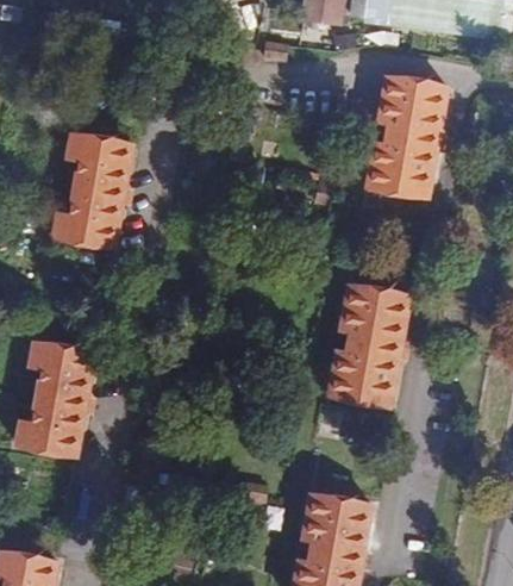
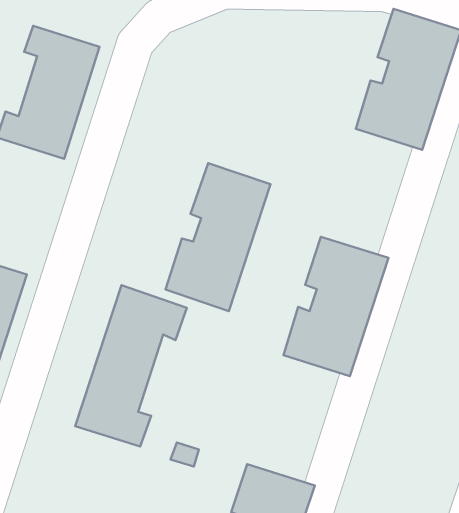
building: none -> [165,163,270,311]
building: none -> [75,285,187,447]

